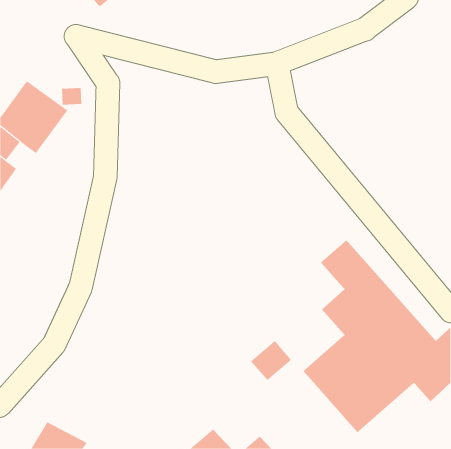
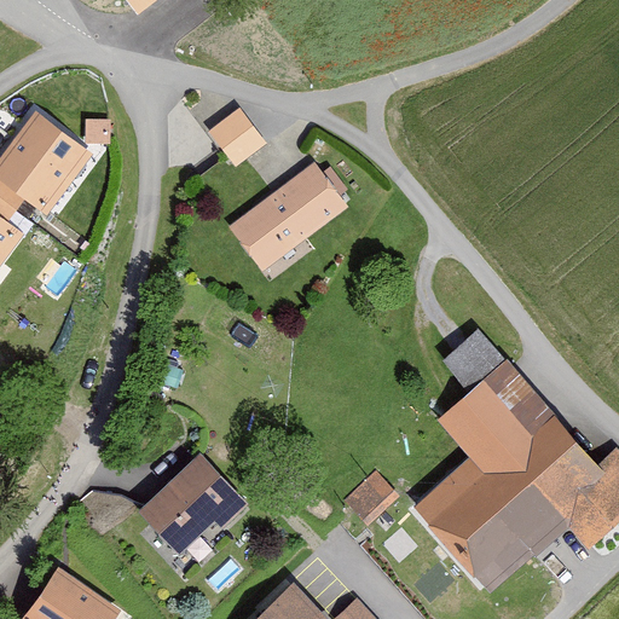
building: none -> [207,103,270,166]
building: none -> [227,161,347,268]
building: none -> [143,452,256,565]

